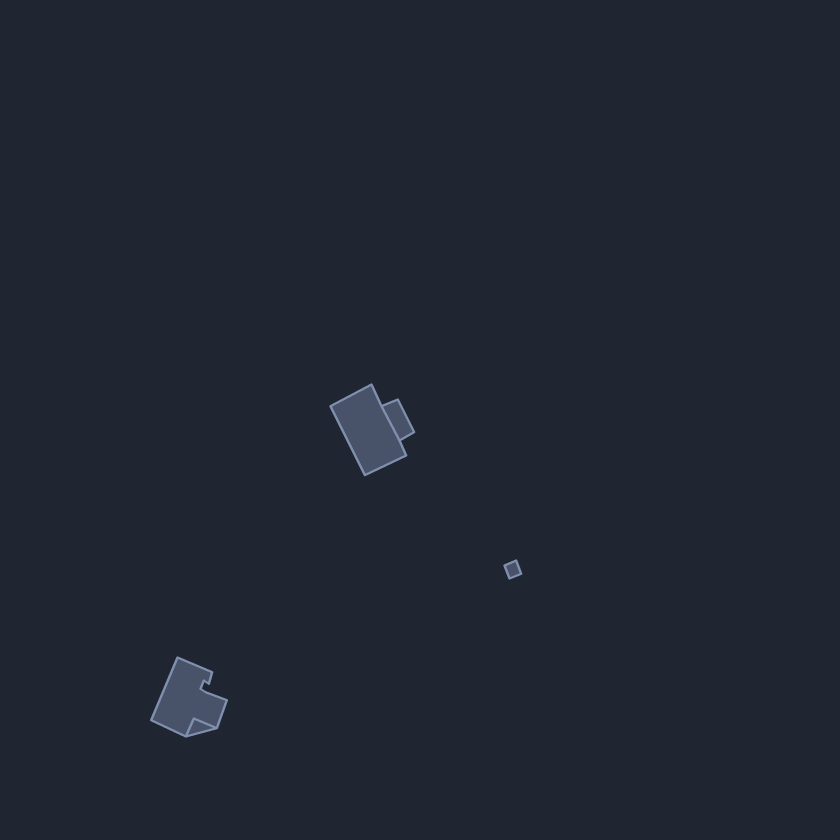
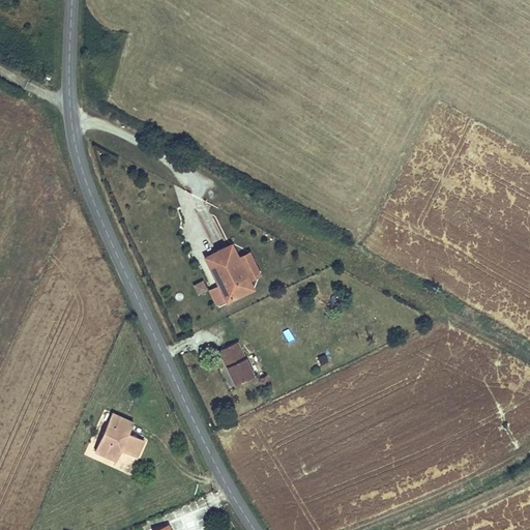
building: none -> [220,344,255,386]

